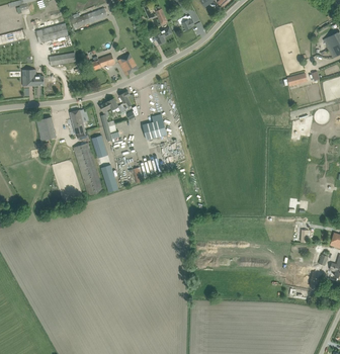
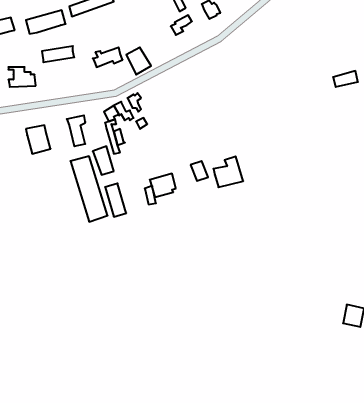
building: [142,114,166,140] -> [213,156,243,187]

